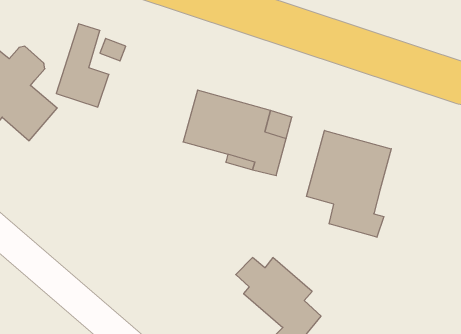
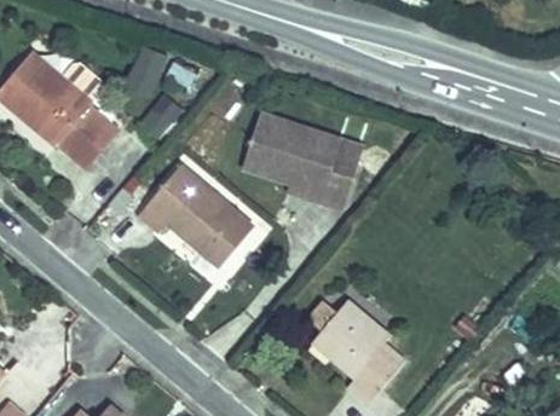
building: [306,130,391,237] -> none
building: none -> [139,174,250,272]

